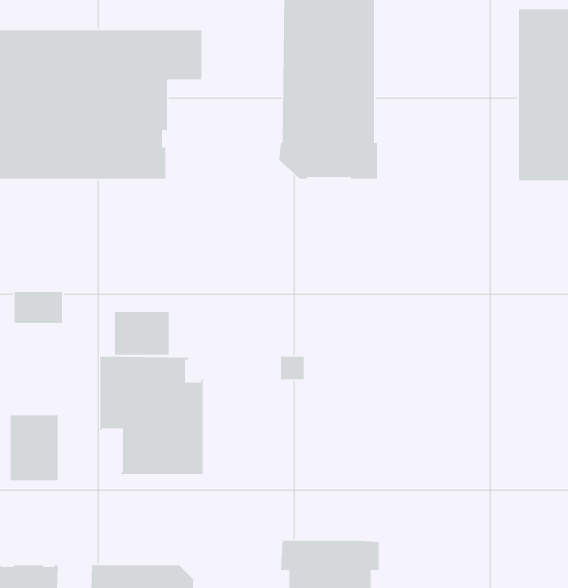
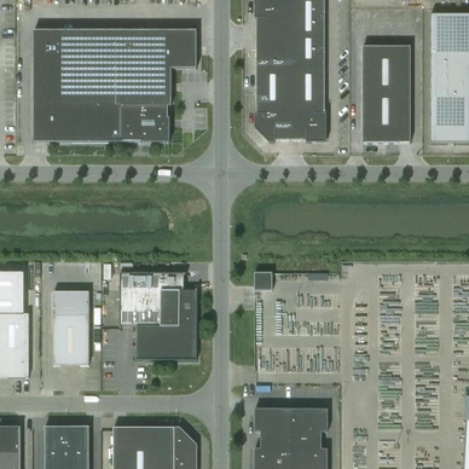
building: none -> [363,46,410,141]
building: [14,291,63,324] -> [53,290,89,314]
building: [114,311,169,355] -> none

